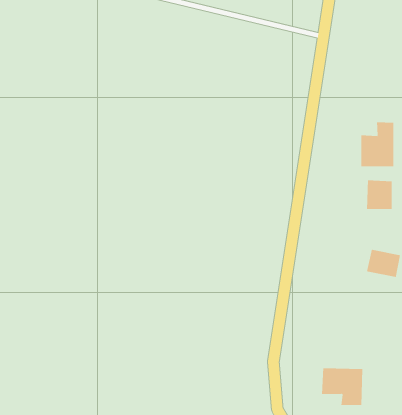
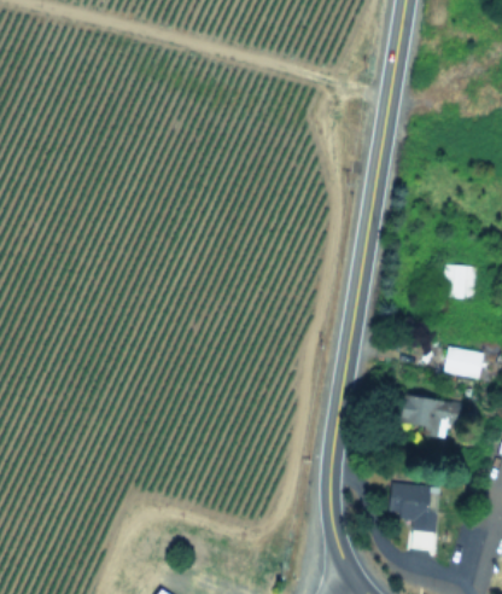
building: [361,122,394,167] -> none
building: none -> [397,395,461,435]

